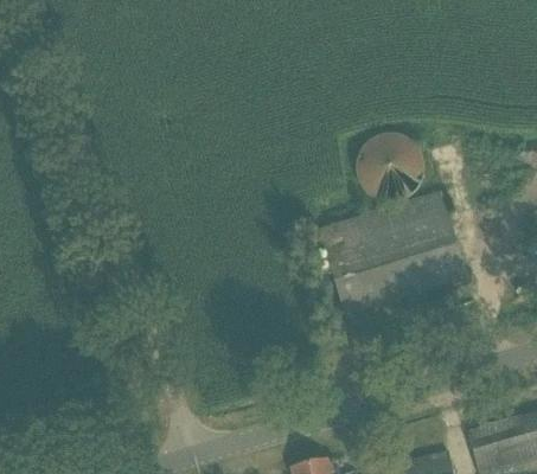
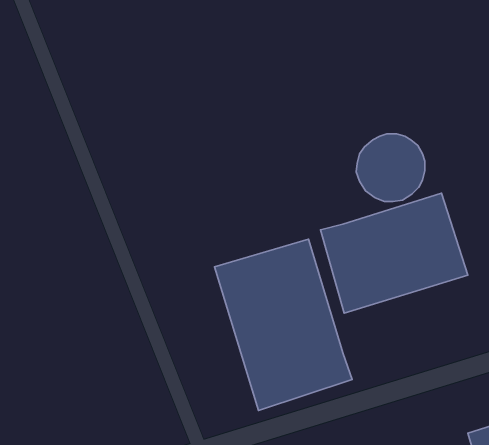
building: none -> [214,239,352,410]

